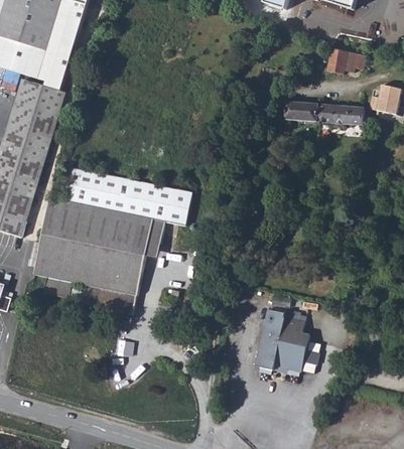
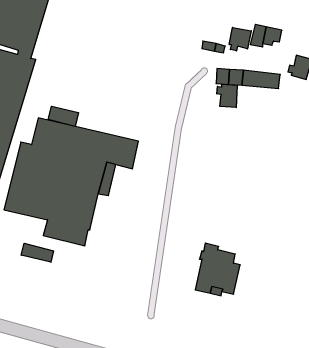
building: none -> [229,27,251,51]
building: none -> [217,84,237,108]
building: none -> [48,106,78,126]
building: none -> [21,243,54,262]

